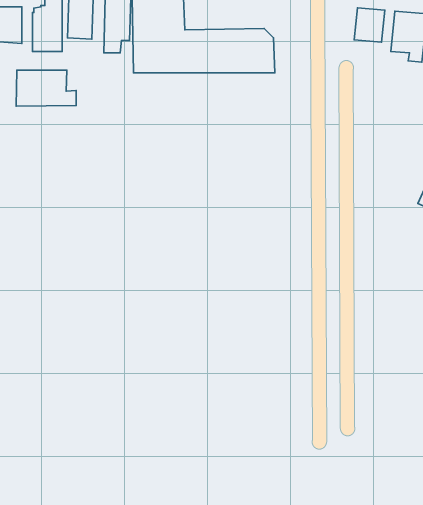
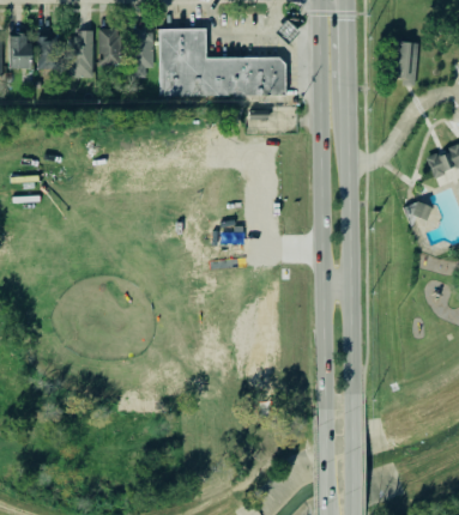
building: [354,8,385,42] -> none
building: [16,70,76,106] -> none

